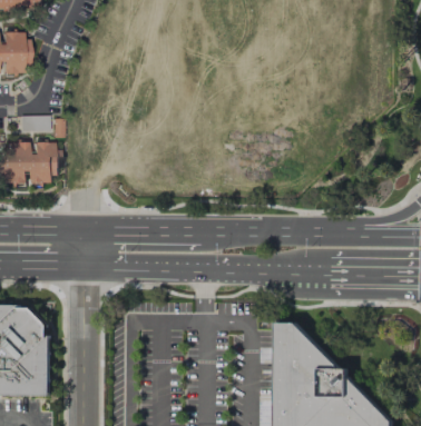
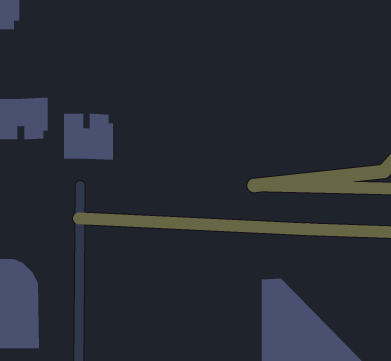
building: [18,116,48,131] -> none
building: none -> [64,113,113,161]

